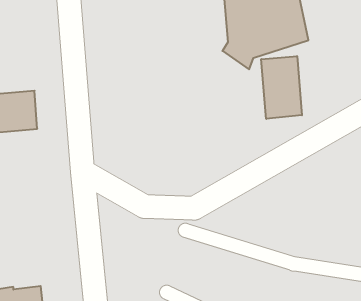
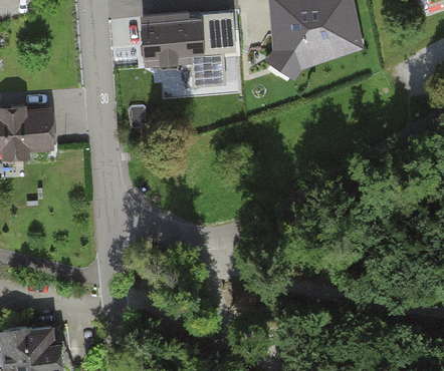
building: none -> [143,13,235,88]
building: [261,56,302,119] -> none

